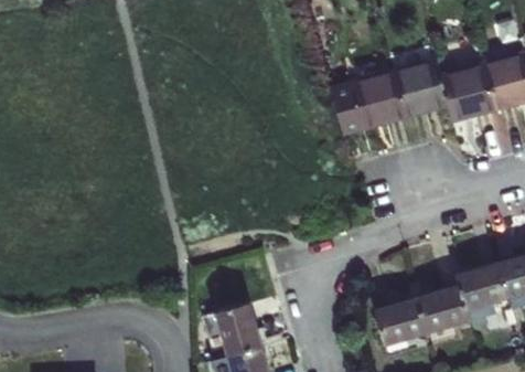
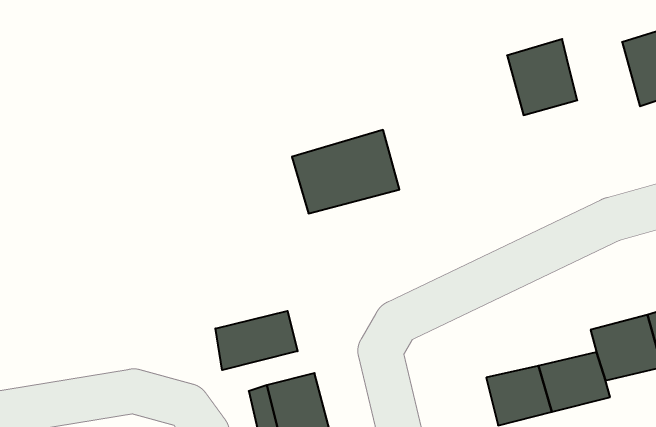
building: [440,61,494,120] -> none
building: [329,71,408,132] -> [292,130,399,213]
building: none -> [215,311,298,370]

